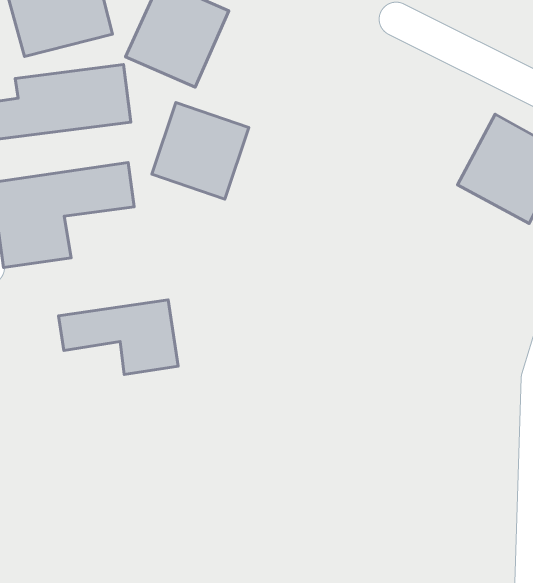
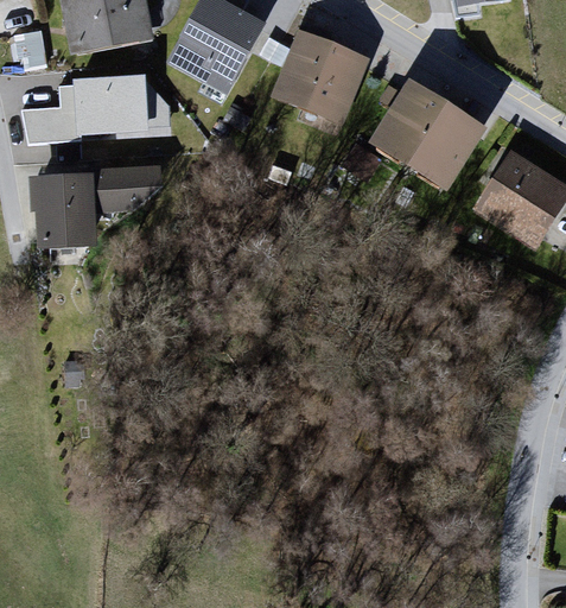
building: none -> [375,81,490,190]
building: [152,102,249,199] -> [271,27,367,124]
building: [59,300,178,375] -> none

